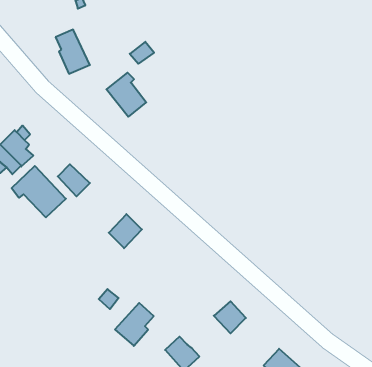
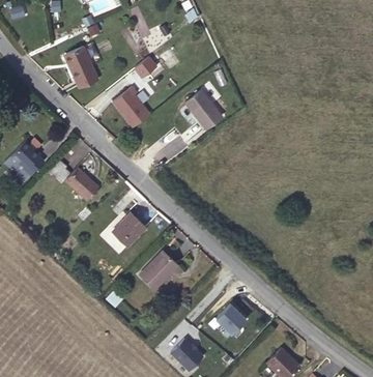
building: none -> [185,90,222,128]
building: [12,166,66,217] -> none
building: [115,303,154,346] -> [142,253,178,293]

